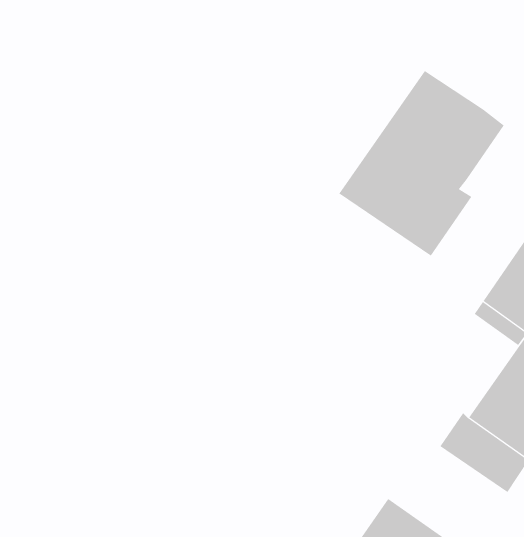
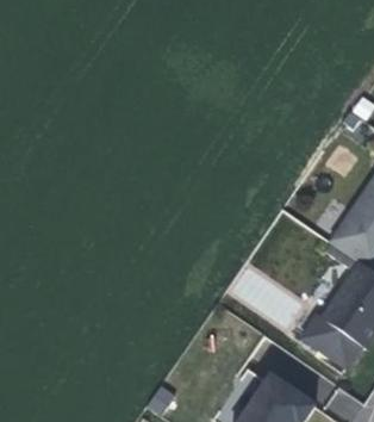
building: [338,70,505,257] -> none

